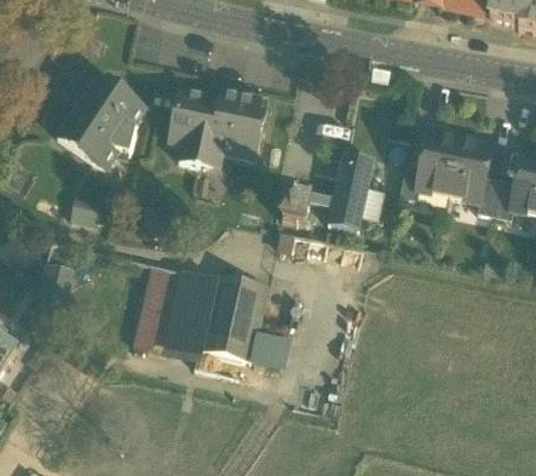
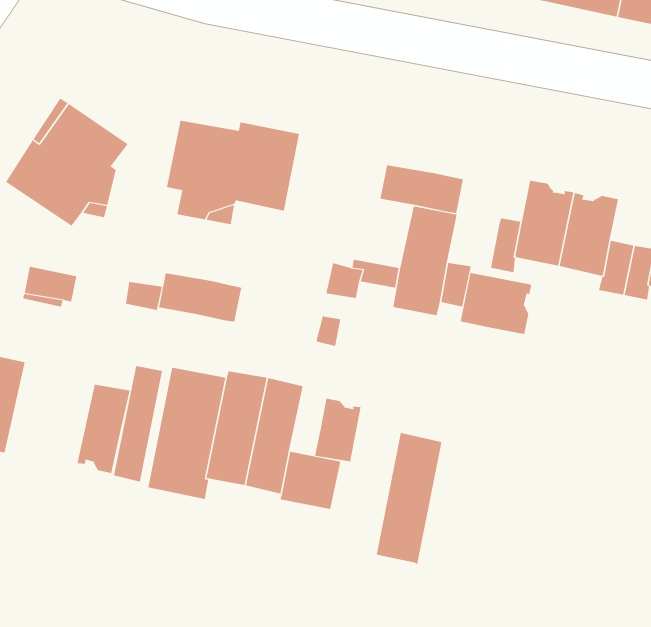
building: none -> [380,164,463,214]
building: none -> [460,272,532,335]
building: none -> [158,273,242,322]
building: none -> [77,384,130,474]
building: none -> [315,398,361,462]
building: none -> [376,432,442,565]

